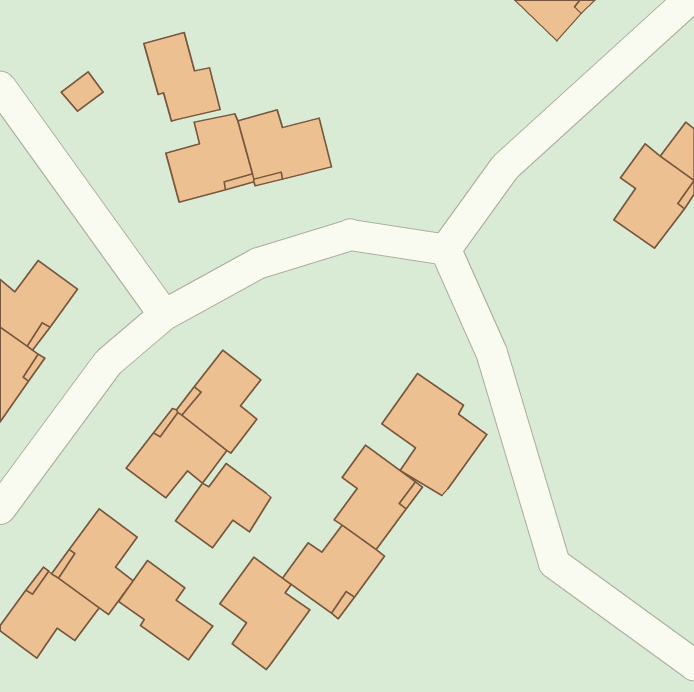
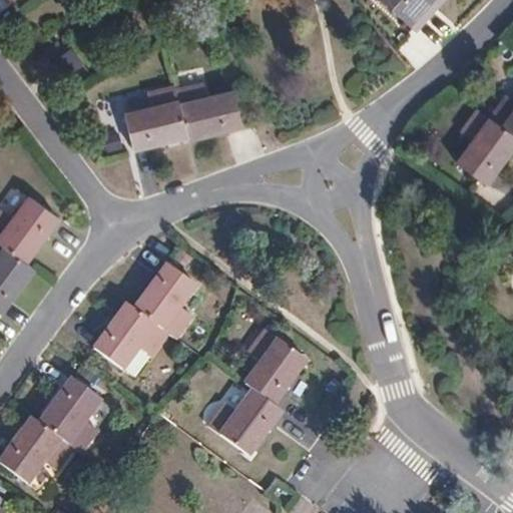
building: [144,32,220,121] -> none
building: [382,374,487,496] -> none
building: [175,464,271,548] -> none
building: [220,557,310,669] -> none
building: [119,561,213,660] -> none

